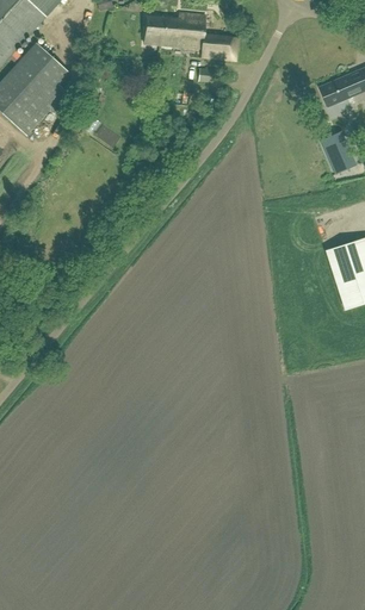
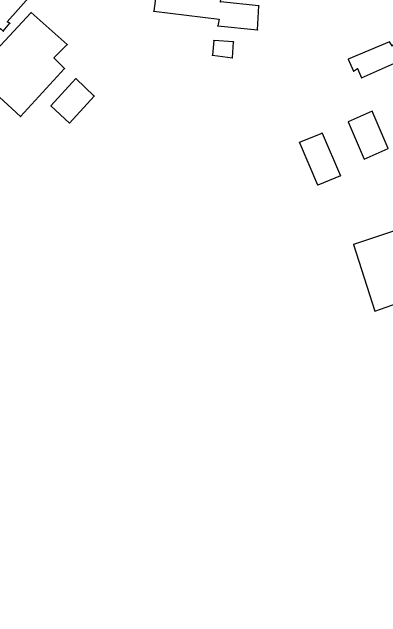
building: none -> [51,79,94,123]
building: none -> [300,133,340,185]

